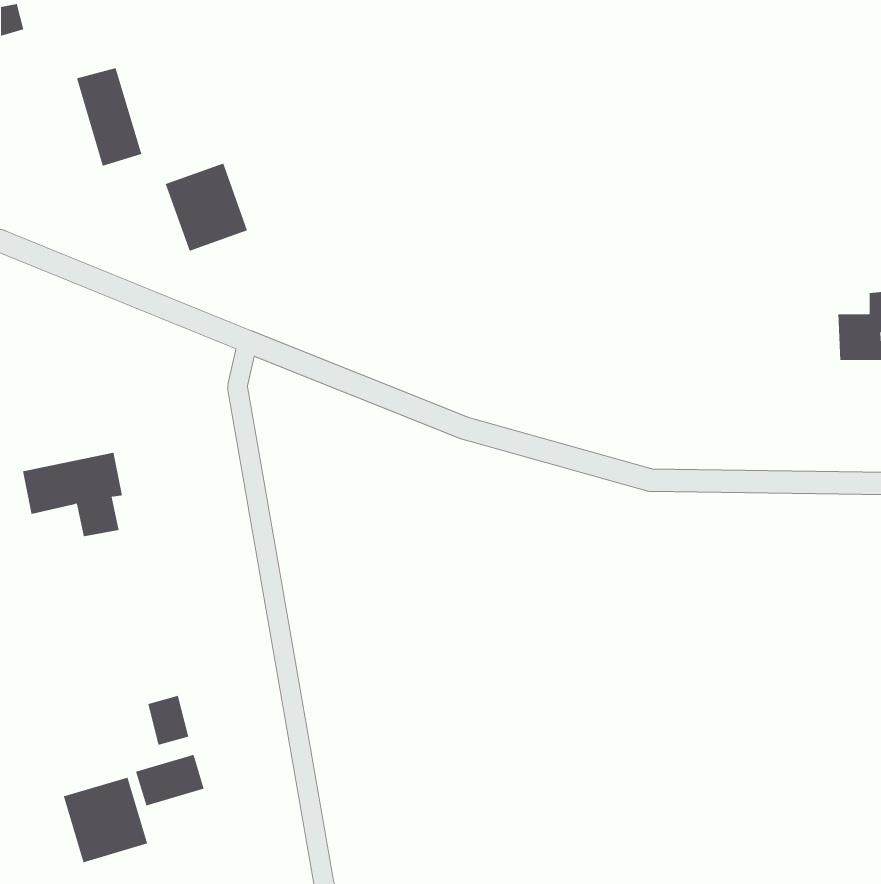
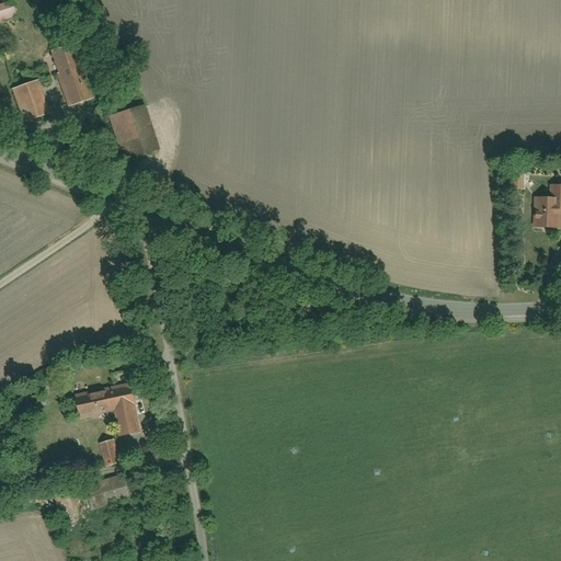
building: none -> [12,78,44,121]
building: [22,452,123,537] -> [75,381,138,435]
building: [63,777,148,863] -> none

